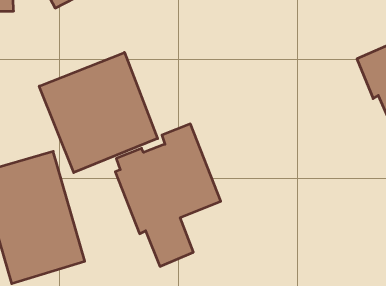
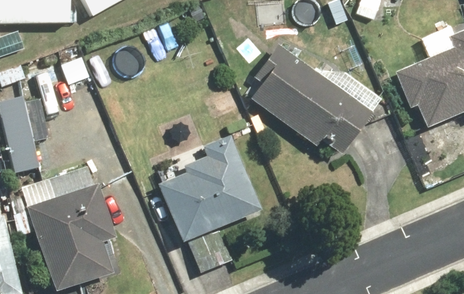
building: none -> [247,43,382,155]
building: [39,52,158,173] -> none

